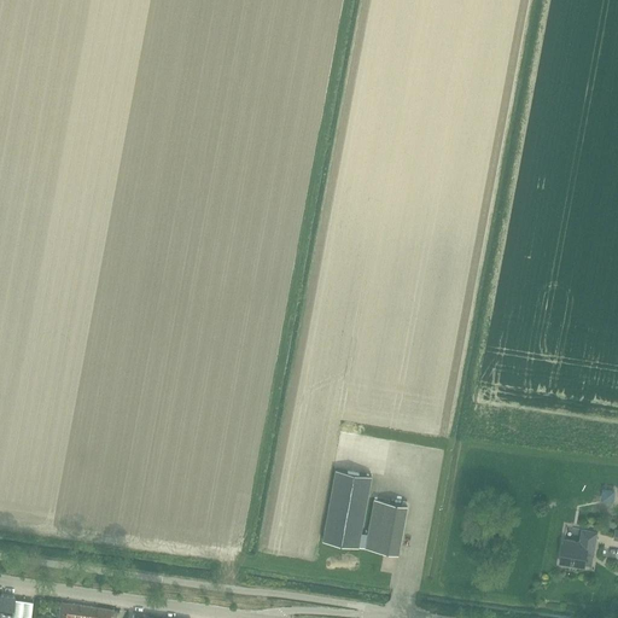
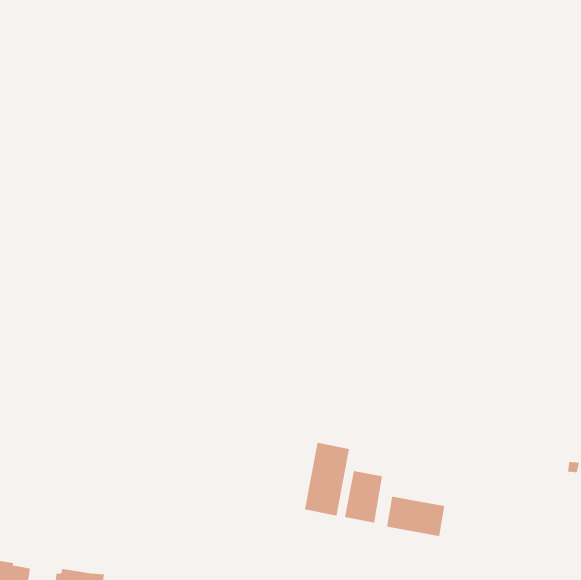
building: none -> [386,496,445,537]
building: [560,531,597,570] -> none

